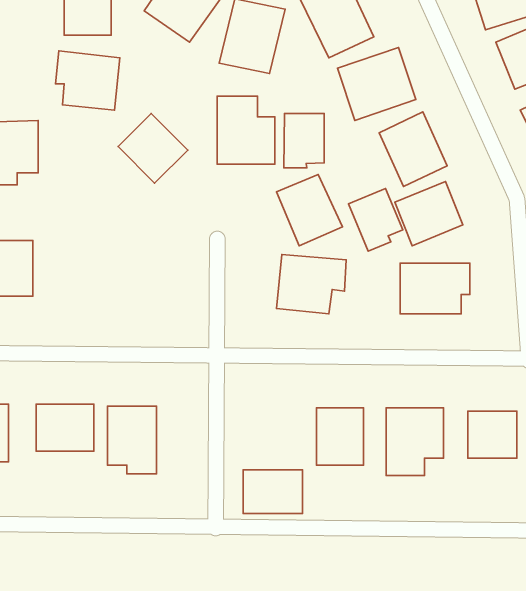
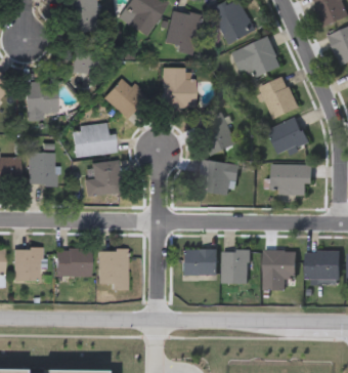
building: [284,113,324,168] -> none
building: [349,188,403,251] -> none
building: none -> [73,123,117,156]
building: none -> [84,160,122,195]
building: [243,470,302,513] -> [181,249,216,275]

